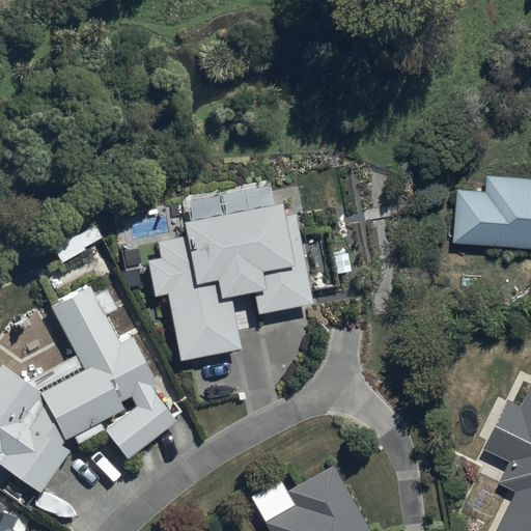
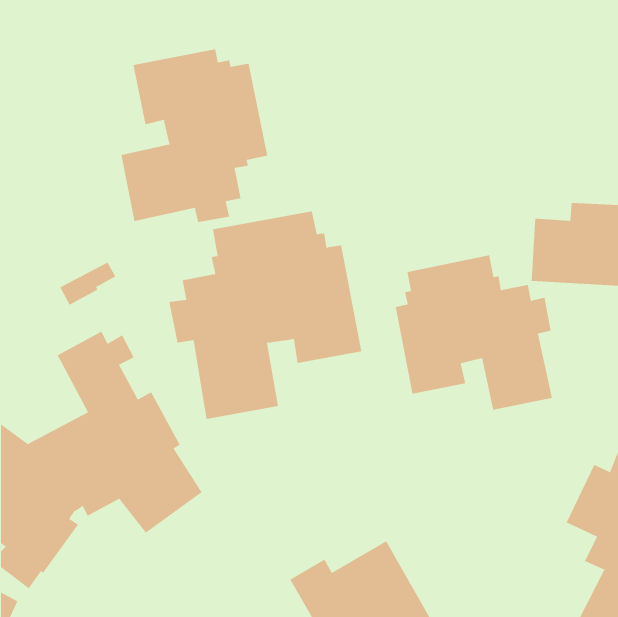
building: none -> [121,48,268,223]
building: none -> [395,255,552,411]

